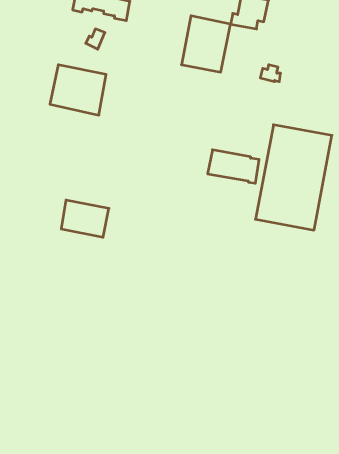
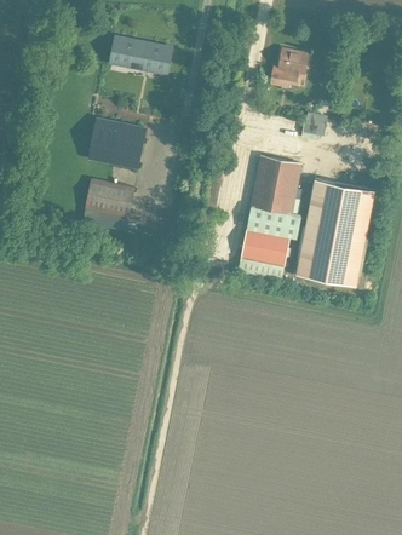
building: [181,16,230,72] -> [251,156,300,213]
building: none -> [240,230,288,266]
building: [61,200,109,237] -> [85,180,133,218]

